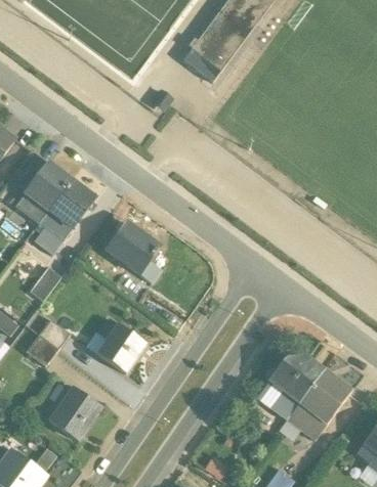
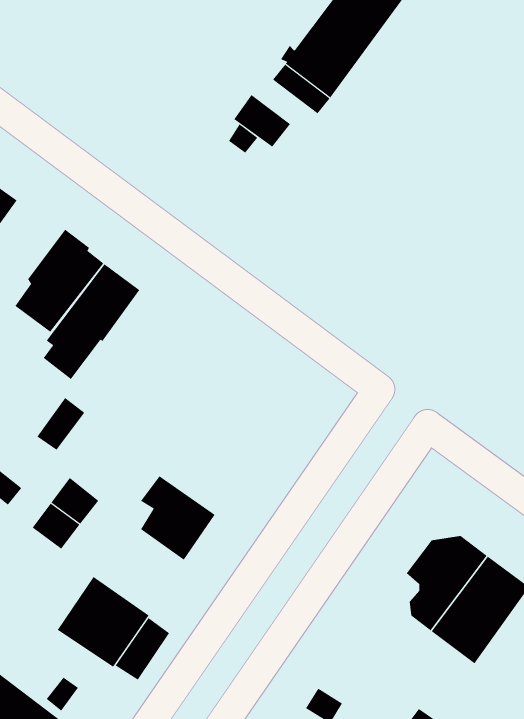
building: none -> [233,94,291,147]
building: [106,222,160,282] -> none
building: none -> [115,617,170,681]

